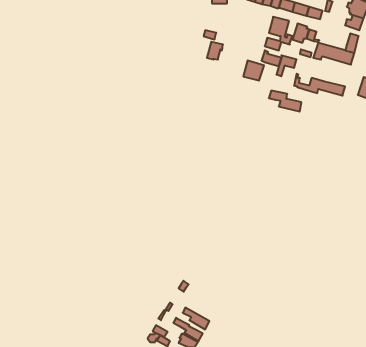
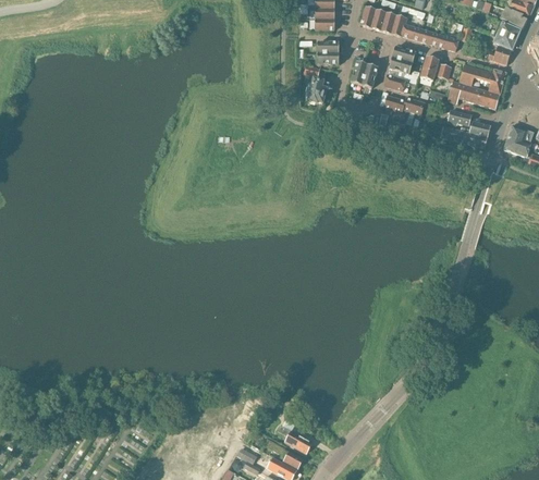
building: none -> [317,44,339,65]
building: none -> [458,65,493,86]
building: [243,61,264,81] -> [351,62,378,88]
building: [269,91,301,112] -> [448,111,490,138]

